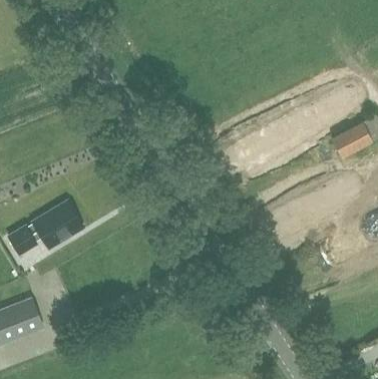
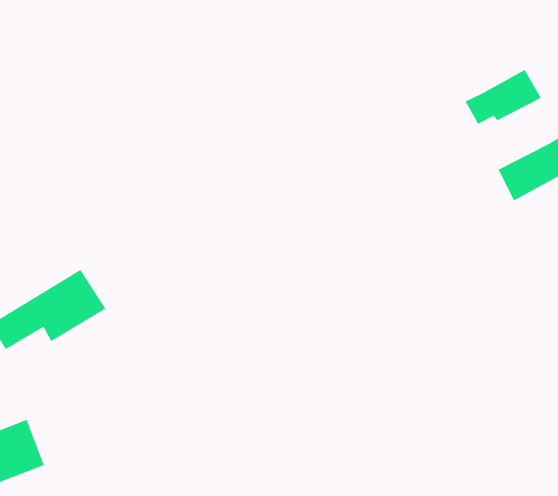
building: none -> [465,69,541,124]

